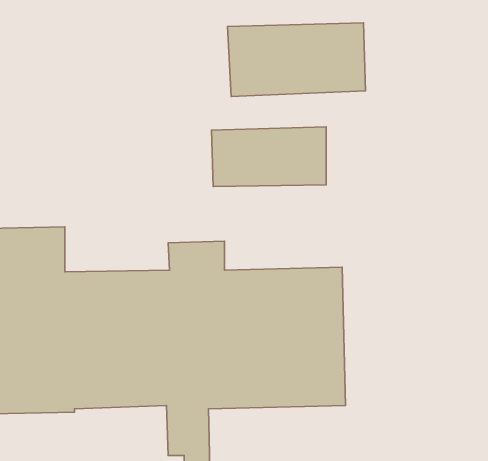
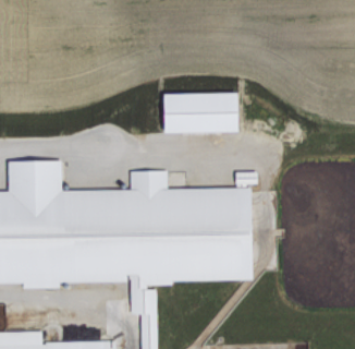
building: [227,23,365,96] -> none

